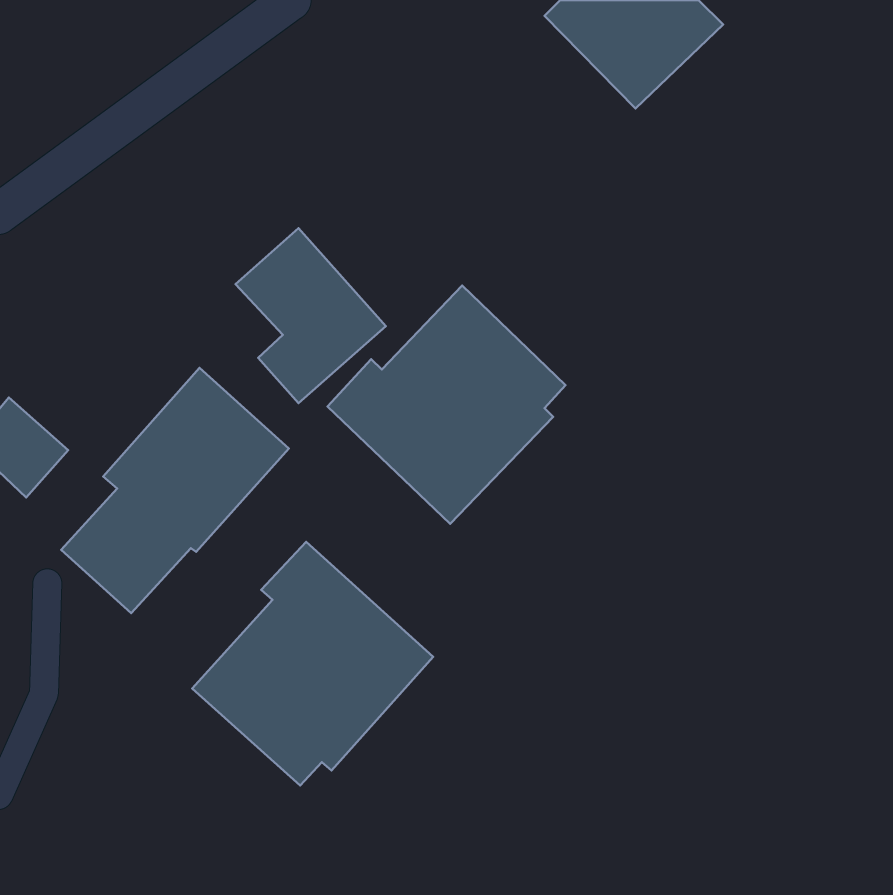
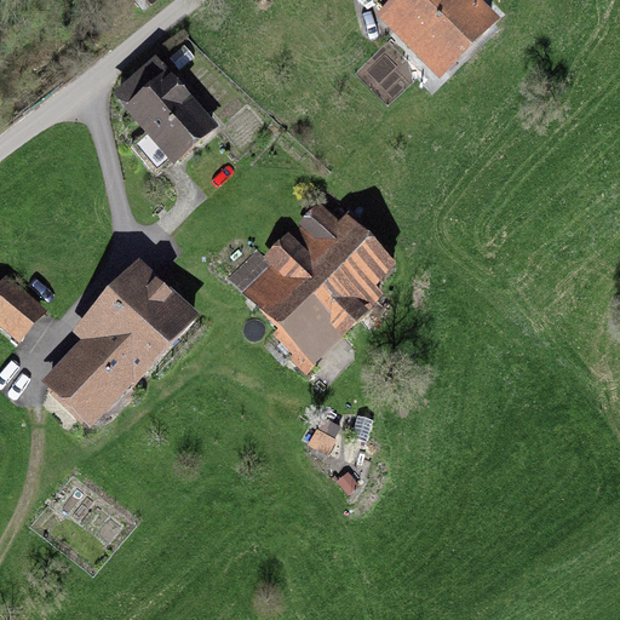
building: [235,228,386,403] -> [113,57,217,178]
building: [192,542,433,785] -> none

